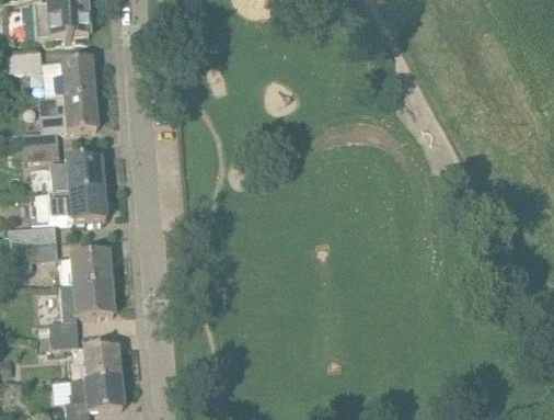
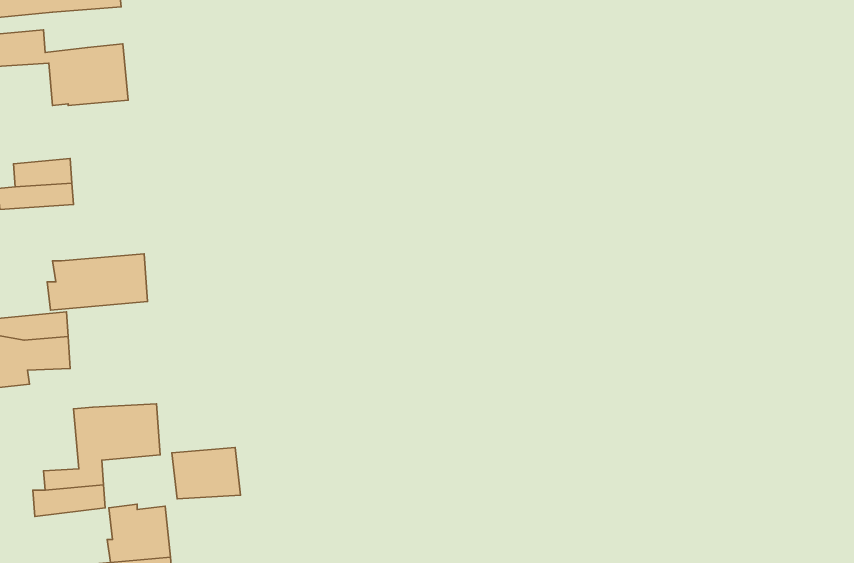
building: [58,91,99,128] -> none
building: [51,152,105,191] -> none
building: [70,250,113,282] -> [172,448,241,499]

